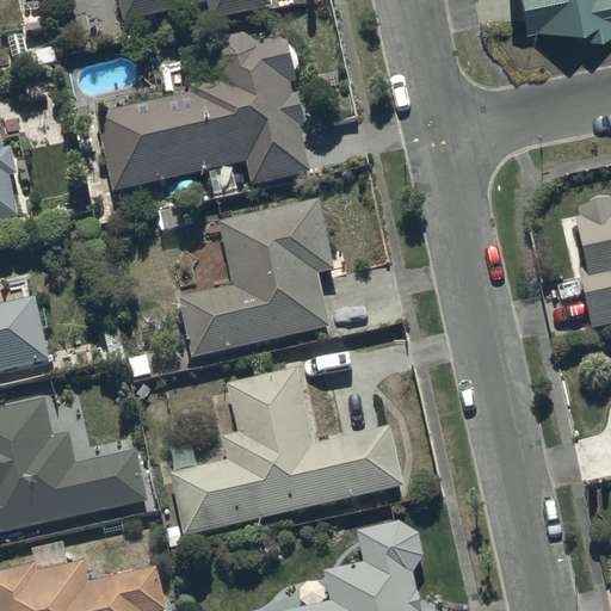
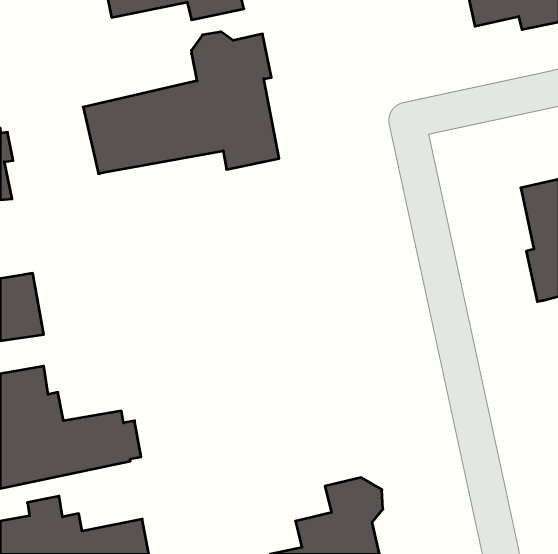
building: [177,203,333,357] -> none
building: [163,369,400,536] -> none

